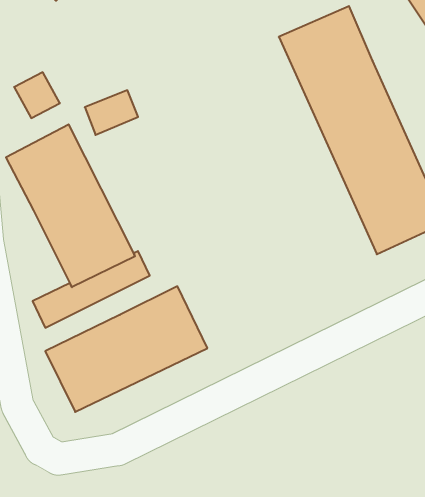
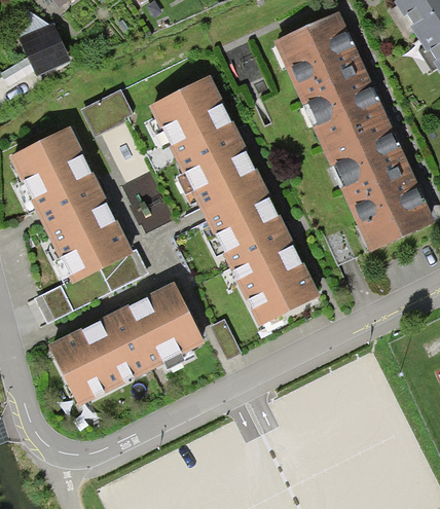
building: [14,72,60,118] -> [17,28,62,72]
building: none -> [154,77,317,322]

